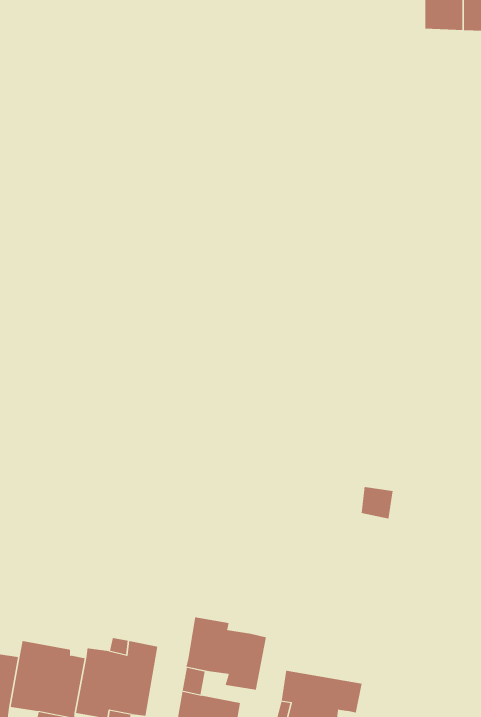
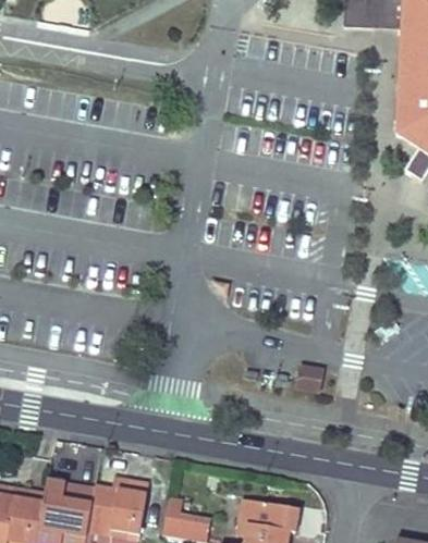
building: [186,617,267,691] -> none

